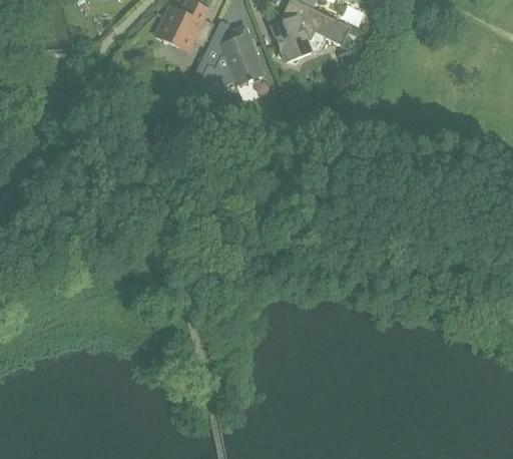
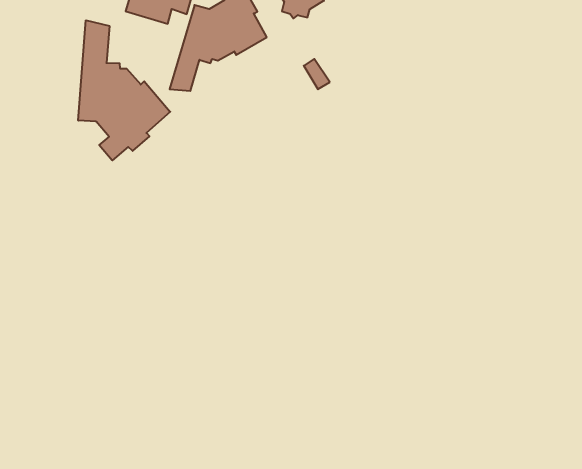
building: none -> [78,20,170,160]

